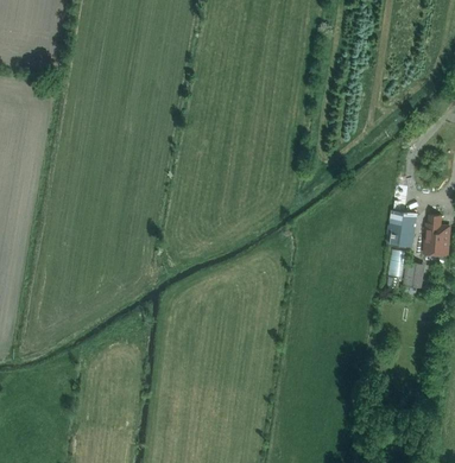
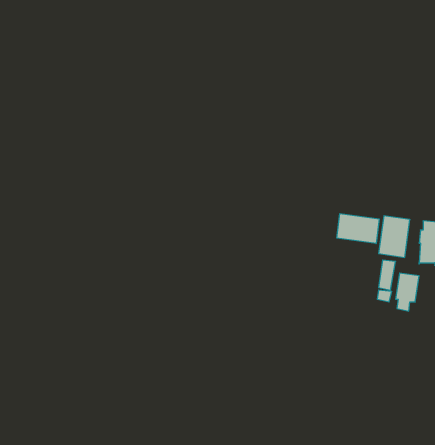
building: none -> [337,214,379,244]

